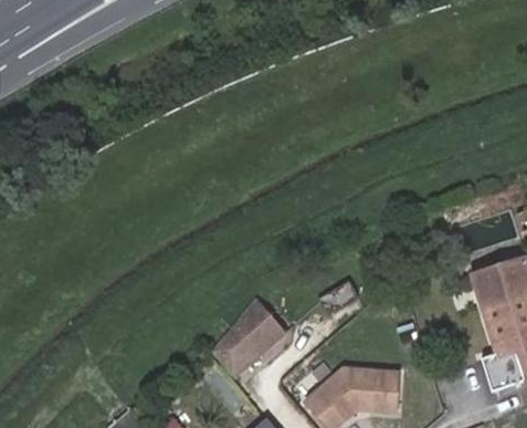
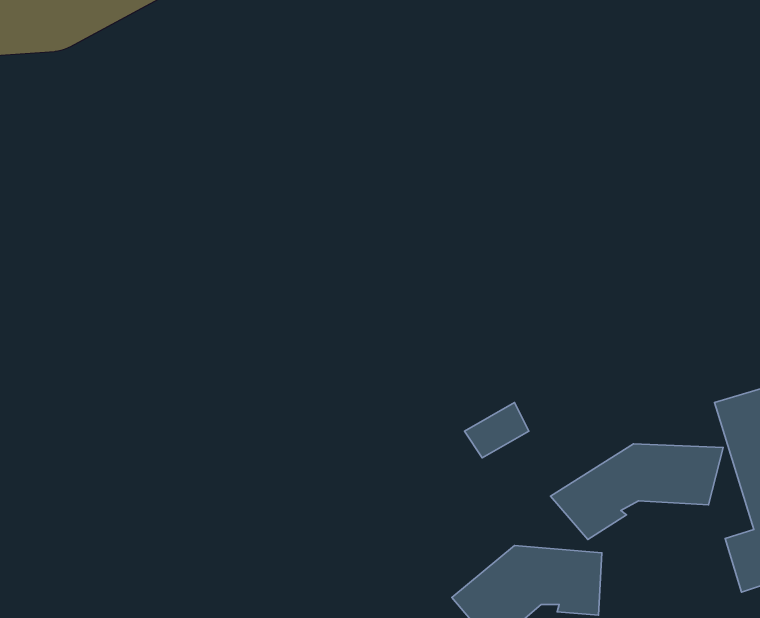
building: [214,300,286,376] -> none
building: none -> [551,444,723,540]

